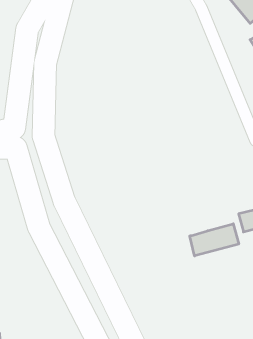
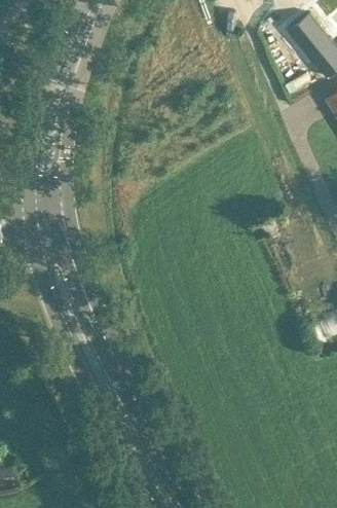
building: [190,224,239,256] -> none

